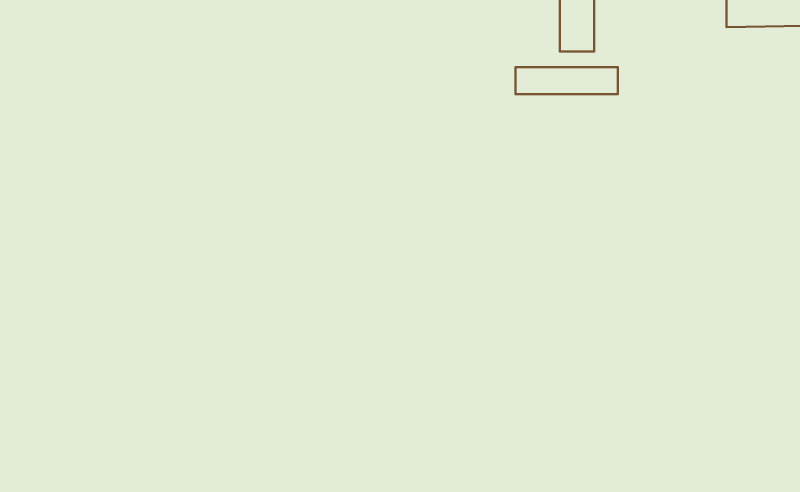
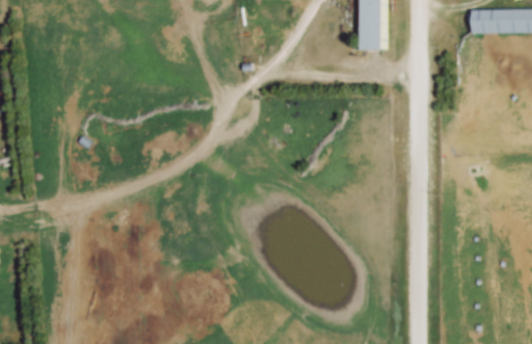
building: [515,67,618,94] -> none

